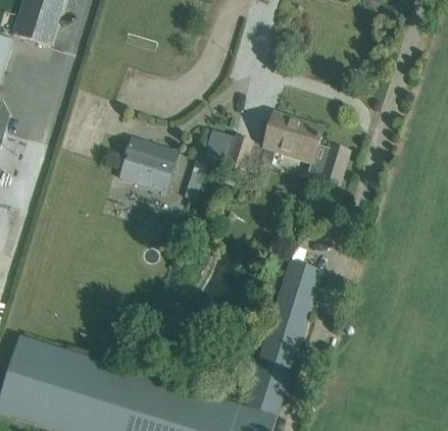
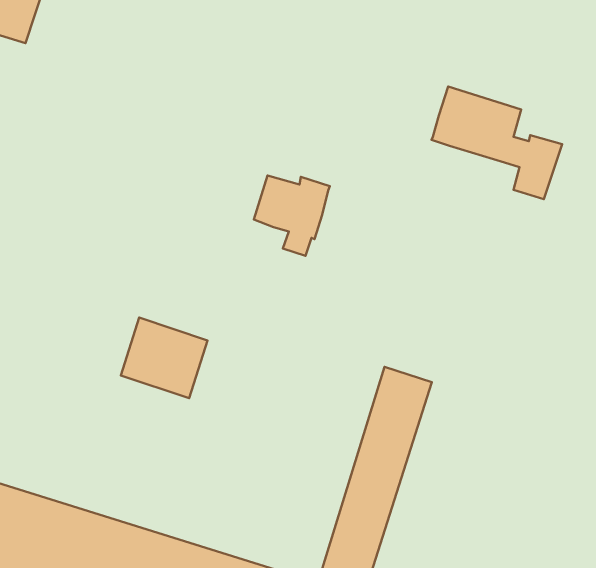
building: [262,114,350,190] -> [431,87,562,199]
building: [118,137,177,191] -> [121,318,208,398]

